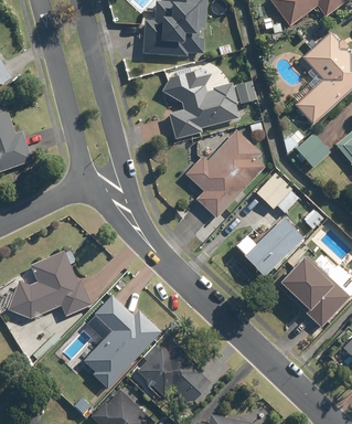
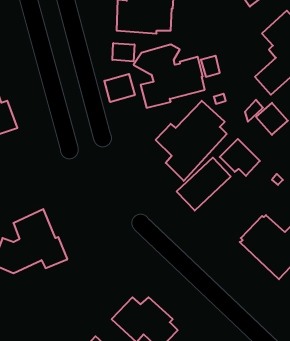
building: none -> [112,43,134,61]
building: none -> [104,74,135,102]
building: [244,218,303,276] -> [177,158,231,211]
building: [82,295,160,389] -> none

